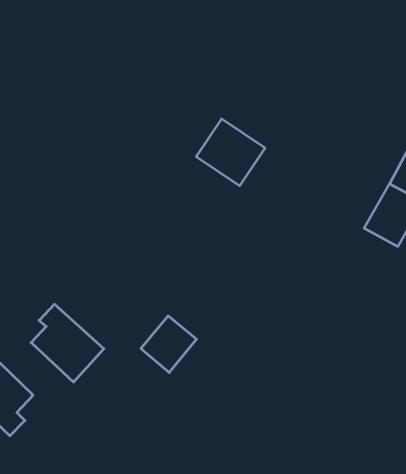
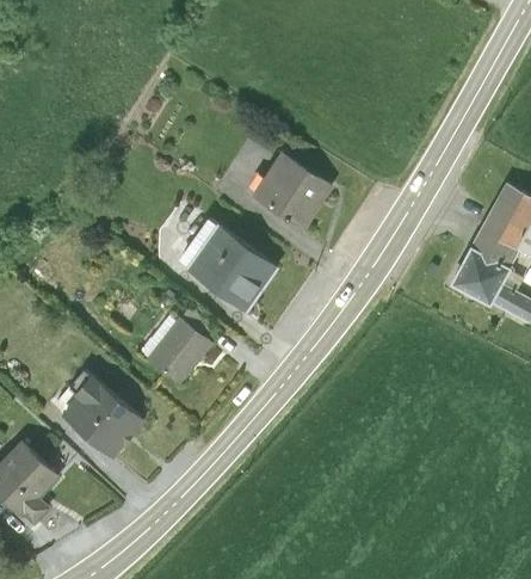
building: none -> [184,222,277,310]
building: [141,316,197,373] -> [147,318,212,384]

